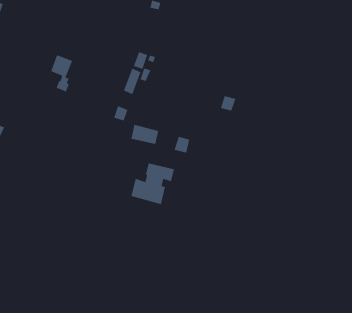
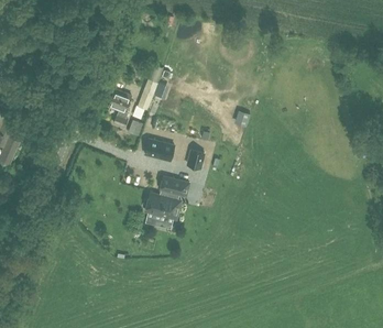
building: [50,54,73,93] -> [108,88,131,127]

